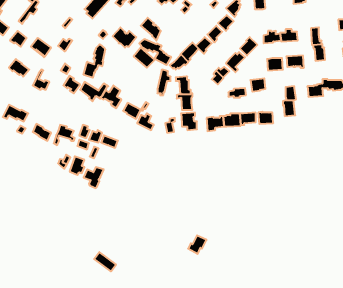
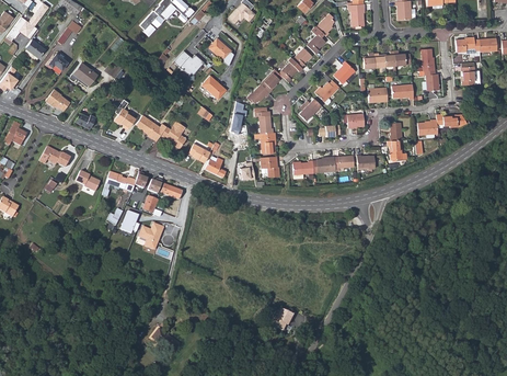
building: [139,39,171,65] -> none
building: [84,44,105,78] -> none

